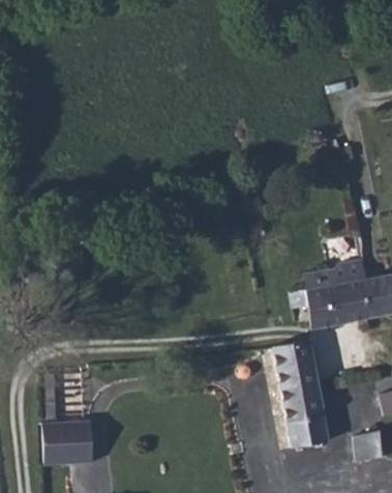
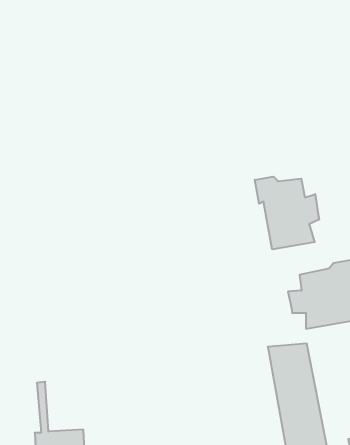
building: none -> [255,177,319,249]

